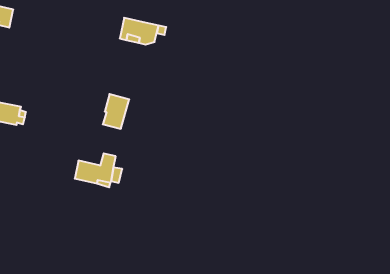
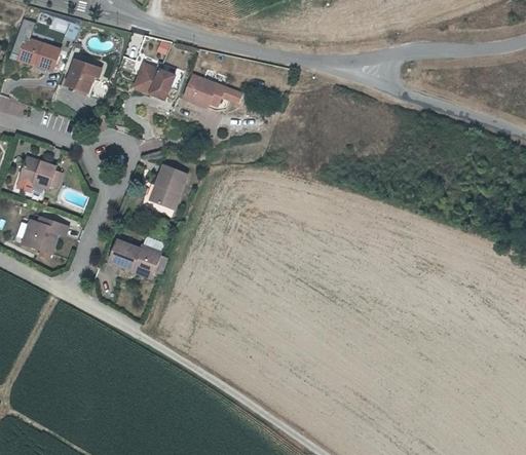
building: none -> [134,62,174,97]
building: none -> [66,60,95,92]
building: none -> [23,221,68,257]

